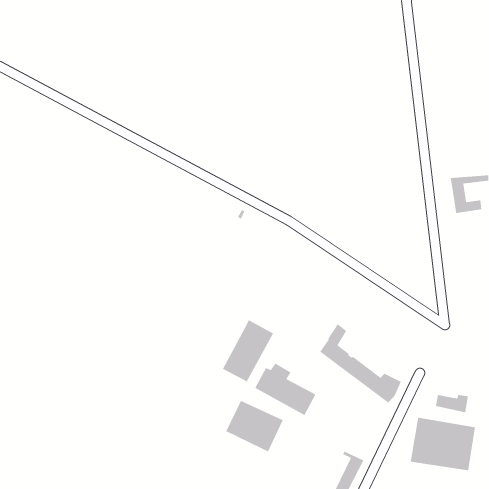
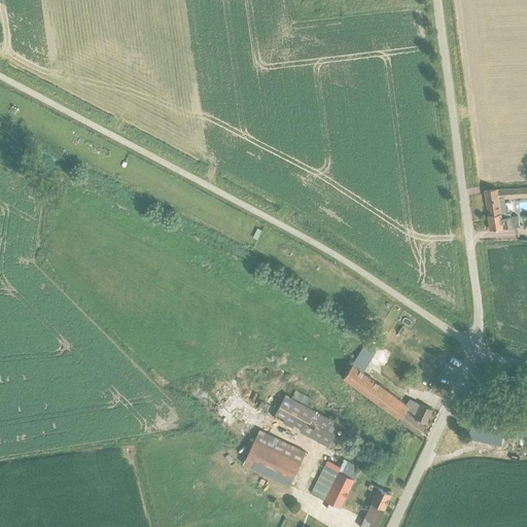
building: [222,319,274,382] -> none
building: [410,417,476,471] -> none
building: none -> [310,460,359,508]

